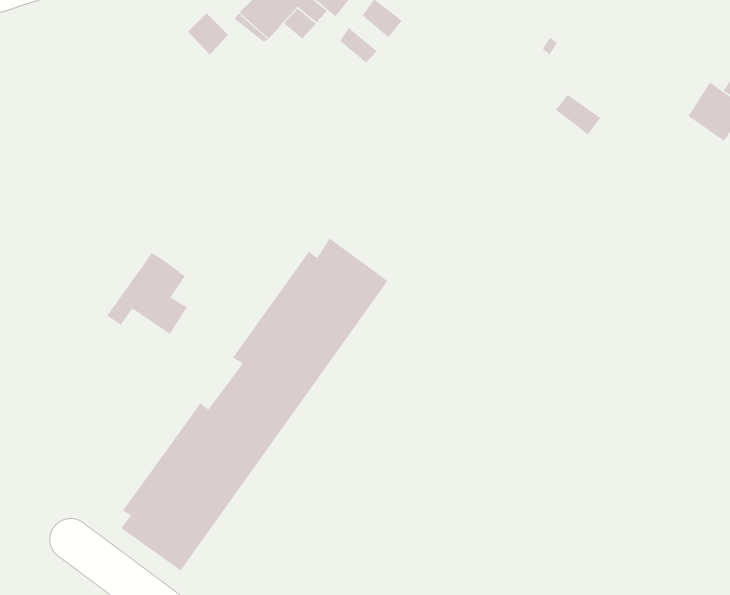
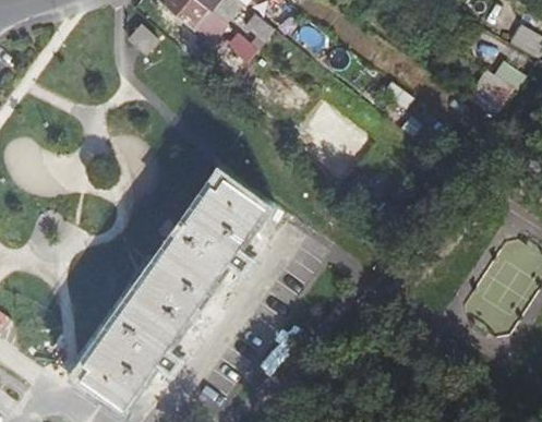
building: [106,252,188,335] -> none

